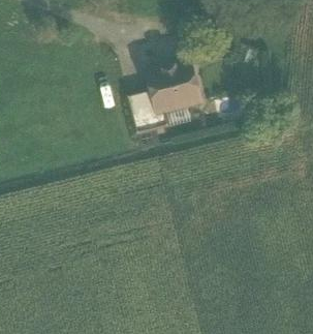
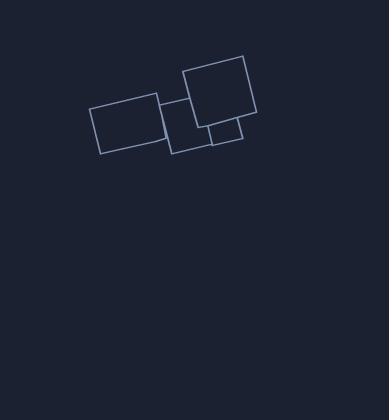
building: none -> [89,93,166,154]

